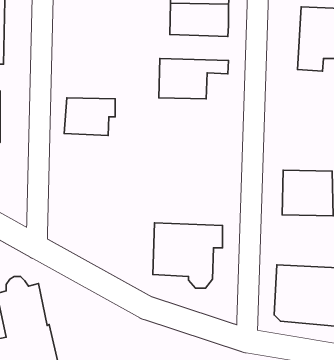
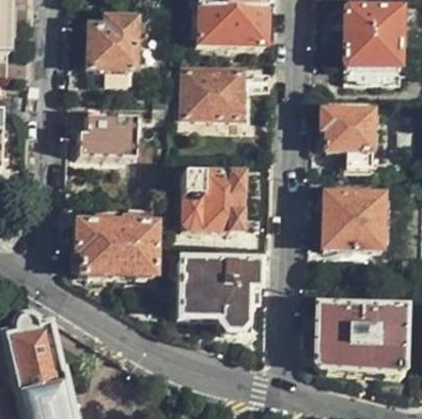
building: none -> [89,13,136,78]
building: none -> [325,109,375,168]
building: none -> [182,168,242,228]
building: none -> [77,204,156,274]

